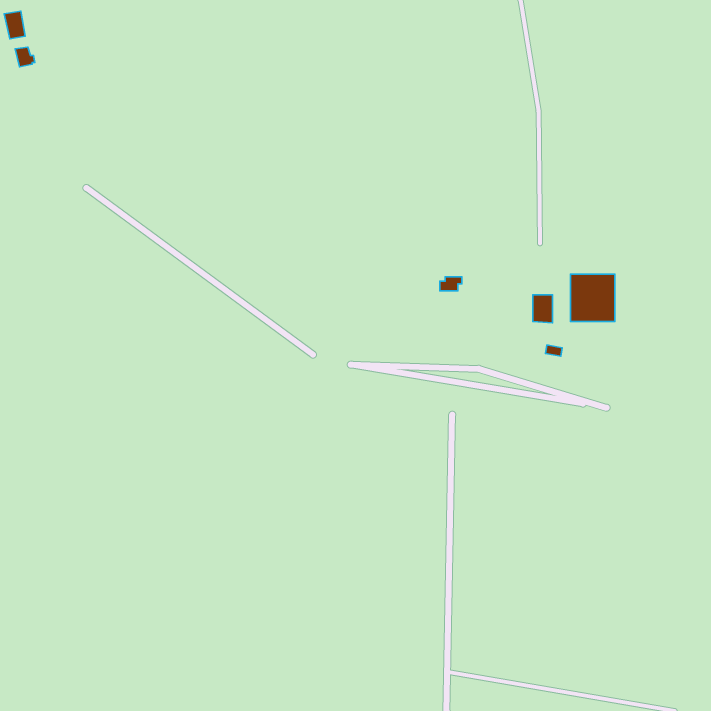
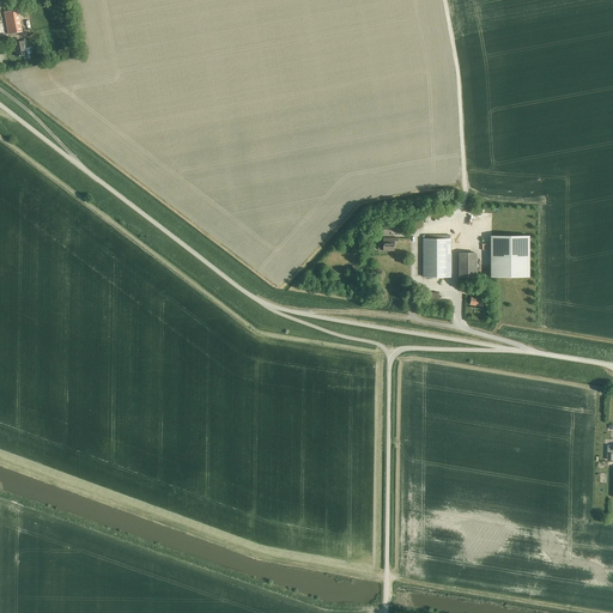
building: none -> [423,235,450,277]

